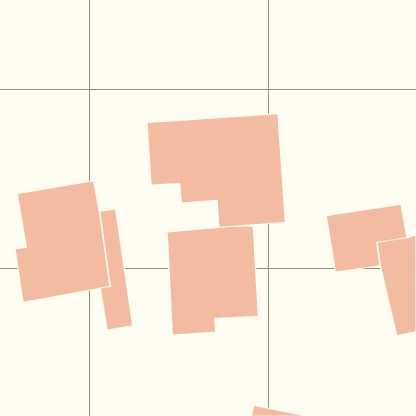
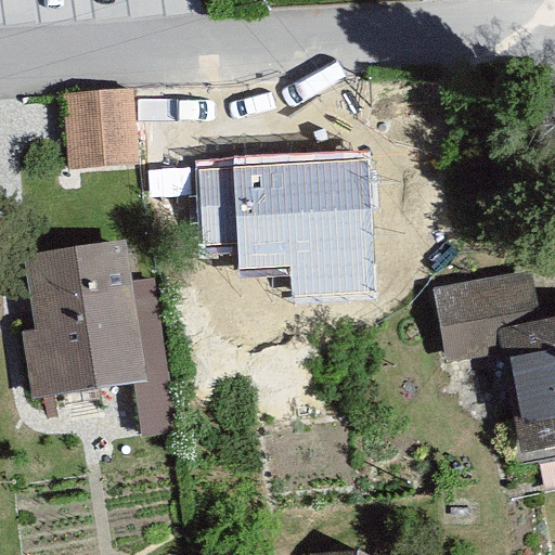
building: none -> [72,80,144,164]
building: [167,226,258,335] -> none

